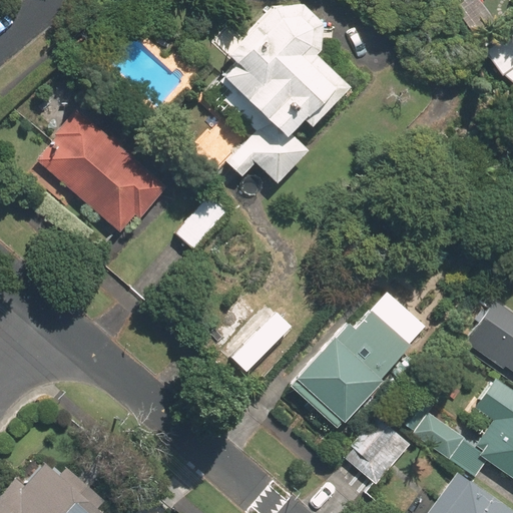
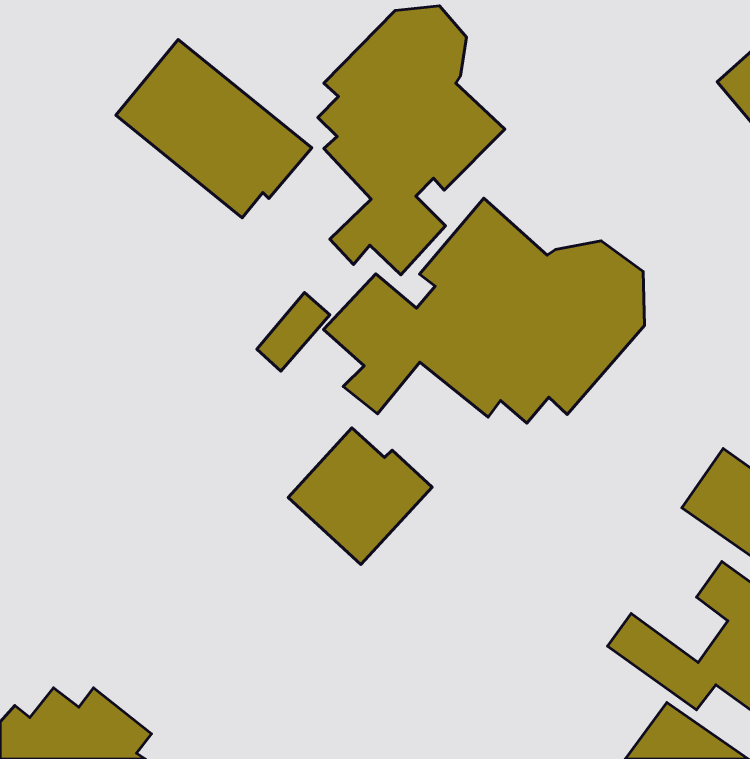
building: [37,112,169,232] -> [116,39,312,218]
building: none -> [323,198,645,423]
building: [290,294,427,429] -> none
building: [348,421,411,485] -> none

